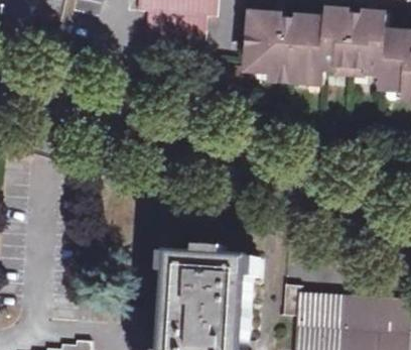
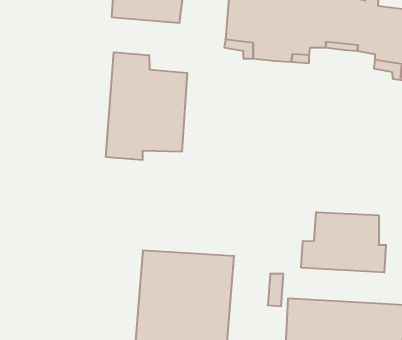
building: none -> [106,52,187,160]
building: none -> [301,212,386,273]

